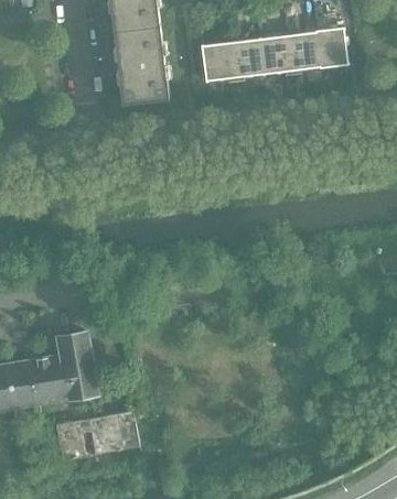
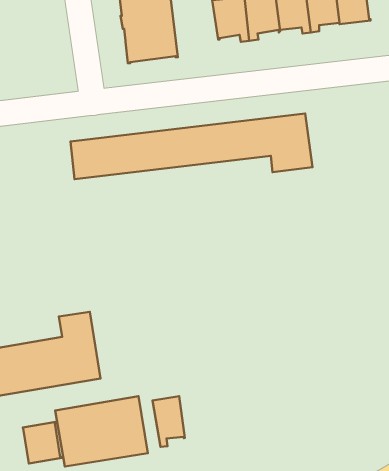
building: none -> [71,113,313,179]
building: none -> [153,396,185,447]
building: none -> [23,422,62,464]

